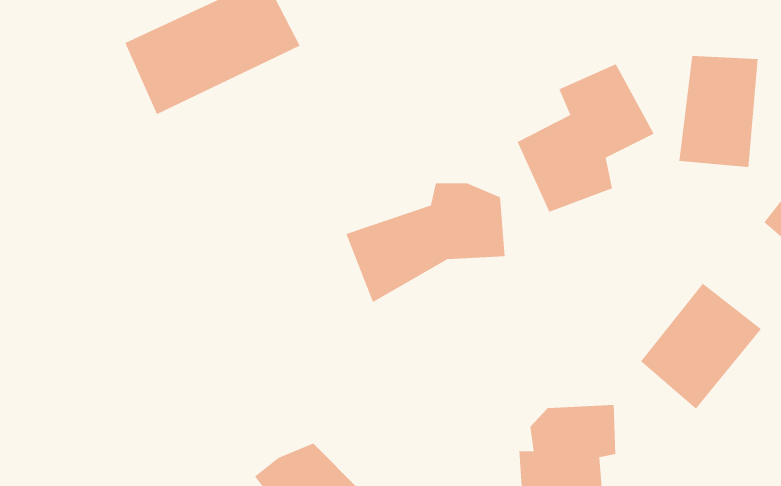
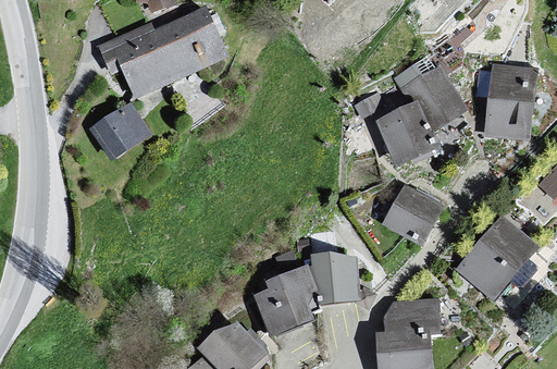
building: none -> [88,101,148,159]
building: [345,183,506,303] -> [251,251,360,333]
building: none -> [382,184,441,244]

